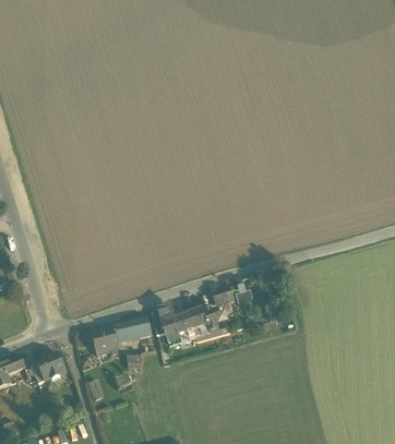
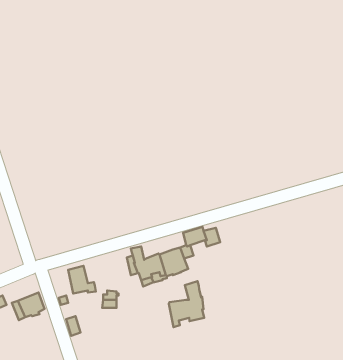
building: [106,315,151,343] -> none
building: none -> [169,281,204,327]

